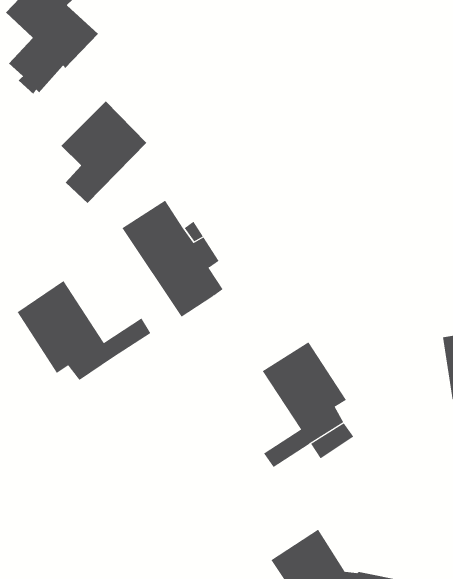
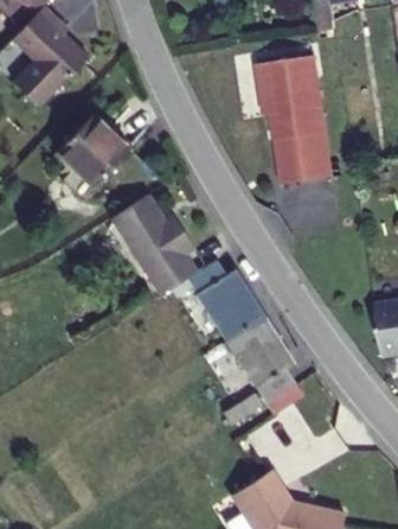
building: none -> [257,52,333,180]
building: none -> [186,259,265,339]
building: [17,280,151,381] -> none

